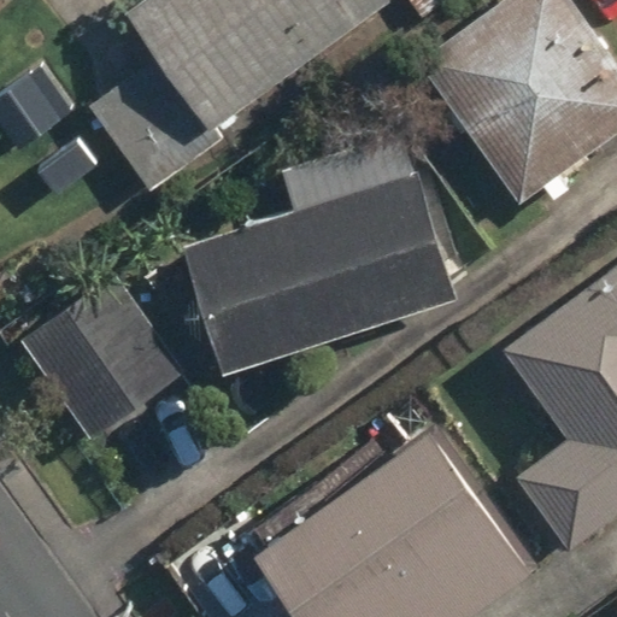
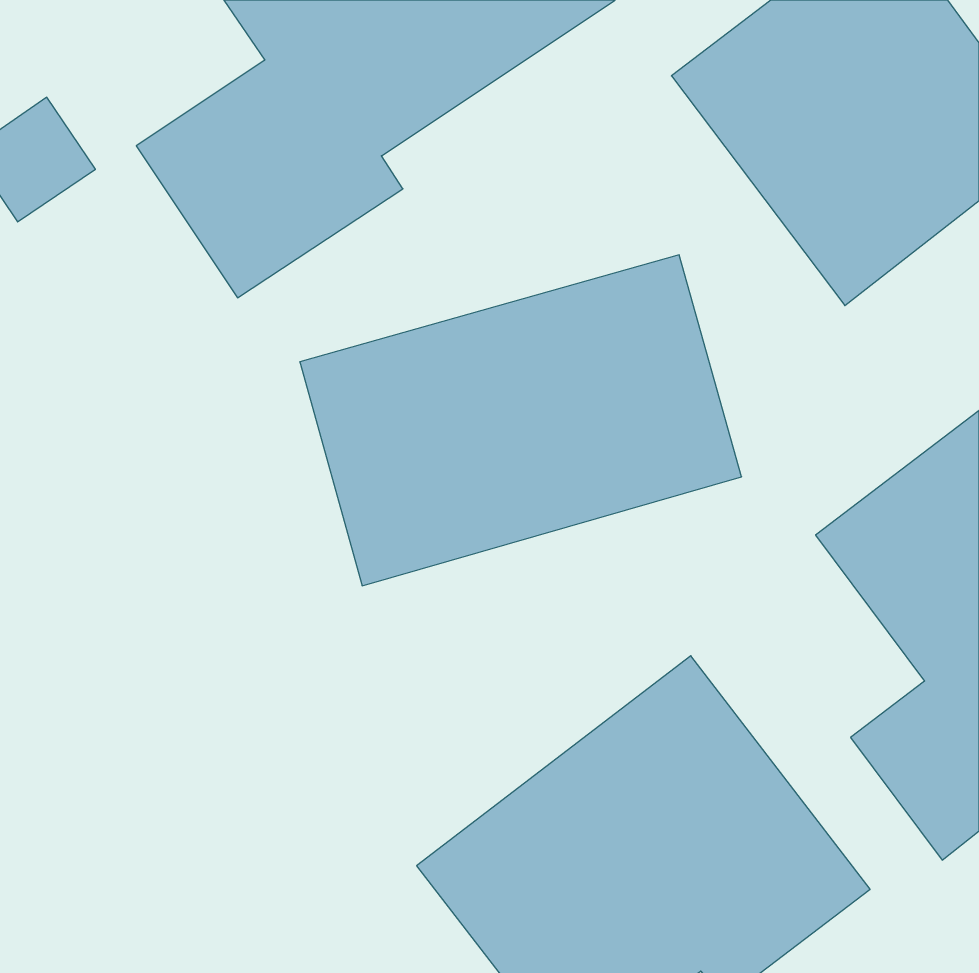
building: [12,275,182,443] -> none

